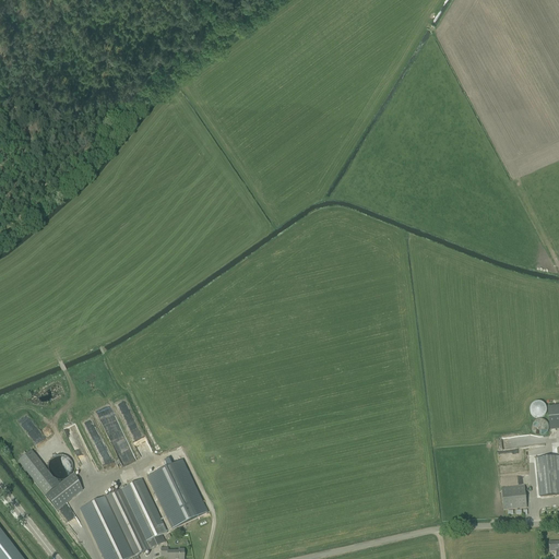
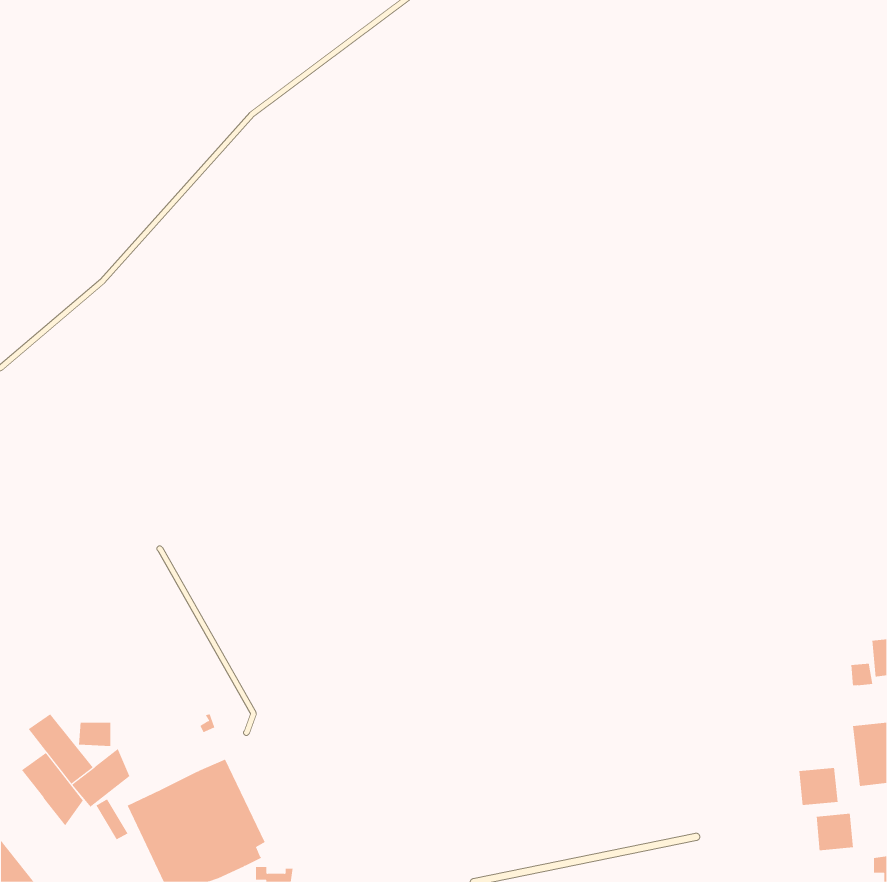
building: [147,457,206,527] -> none
building: none -> [21,752,83,826]
building: none -> [816,813,853,851]

